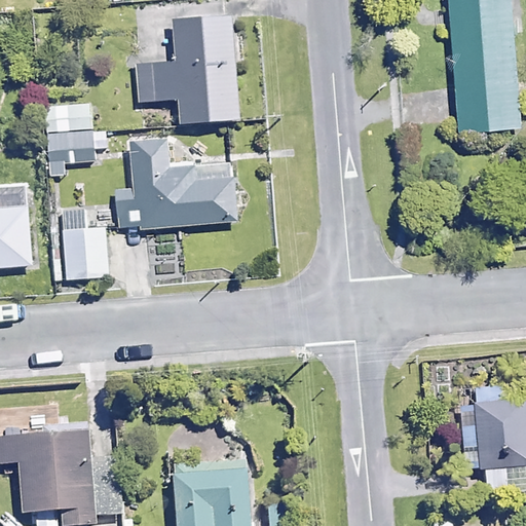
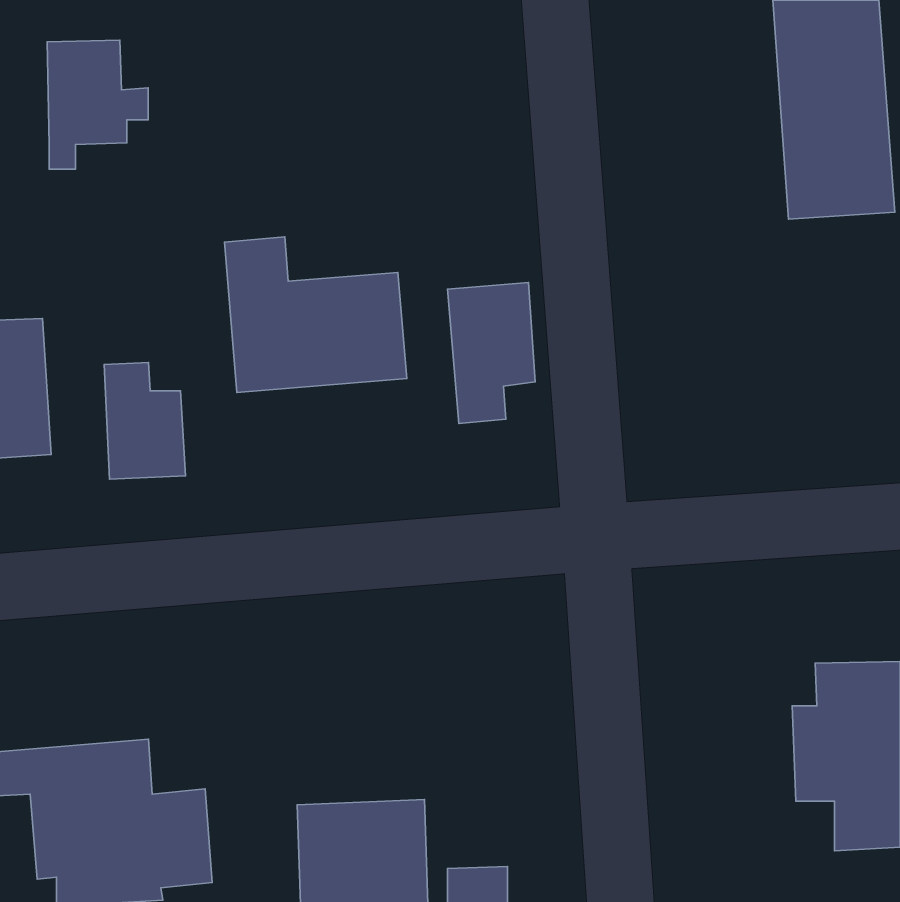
building: [136,11,237,123] -> none
building: [47,104,106,179] -> [47,40,148,169]
building: none -> [448,282,535,424]

